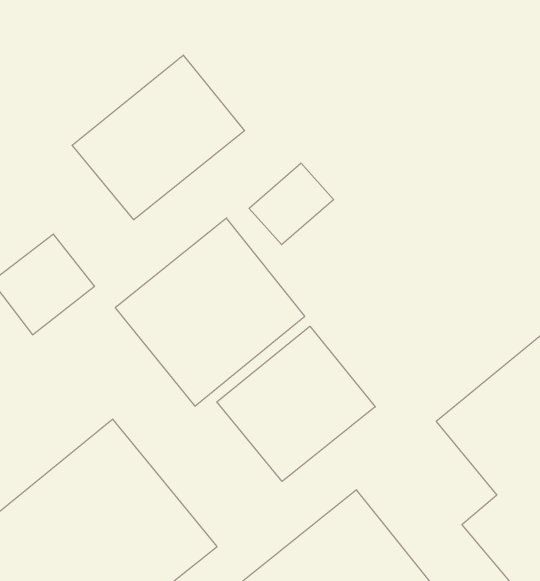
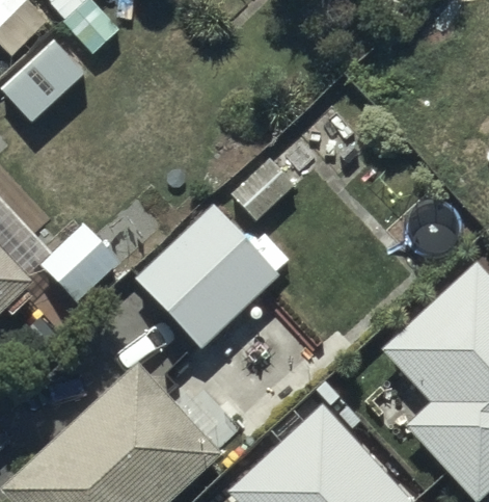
building: [72,55,245,220] -> none
building: [217,326,375,481] -> none

